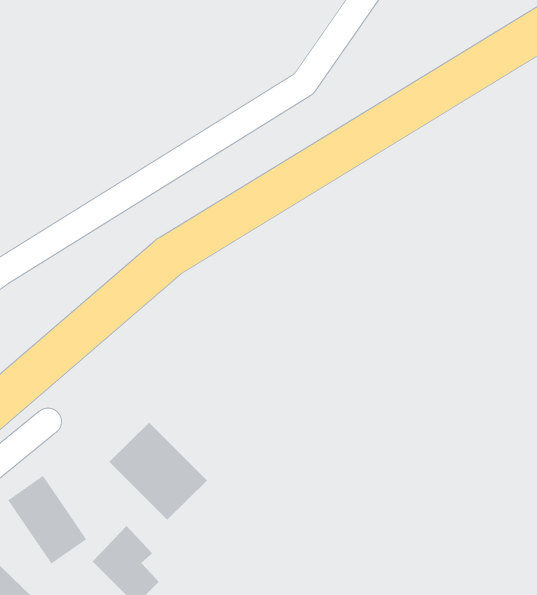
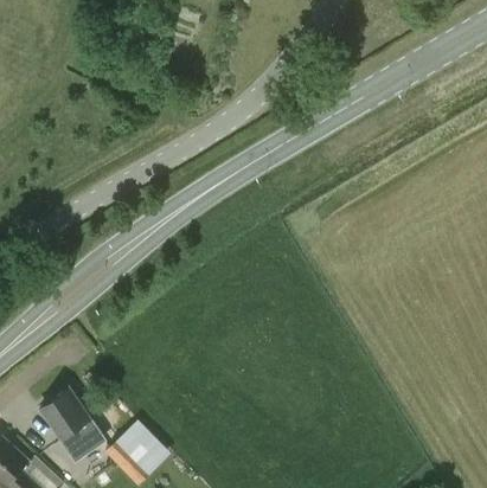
building: [108,422,208,521] -> none

